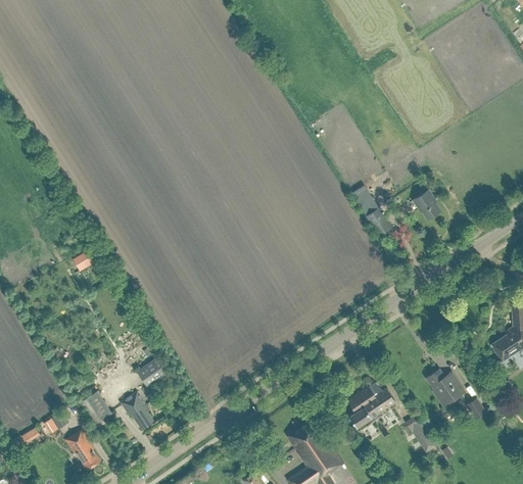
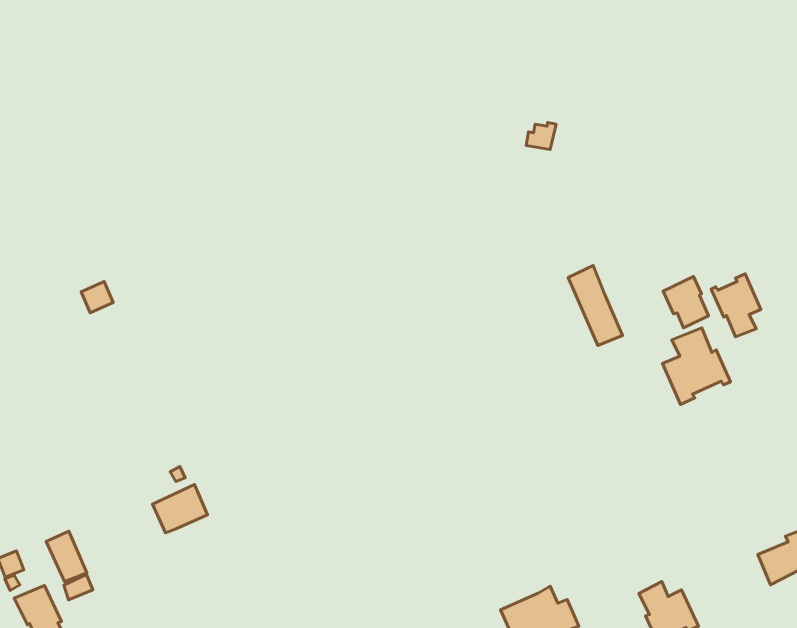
building: none -> [711,274,761,337]
building: none -> [663,328,731,404]
building: [122,392,153,429] -> none

